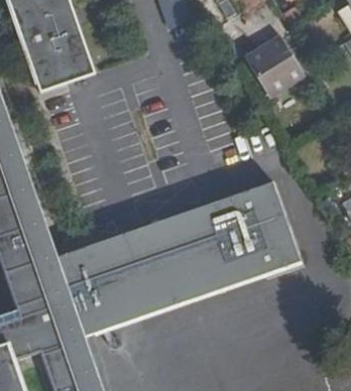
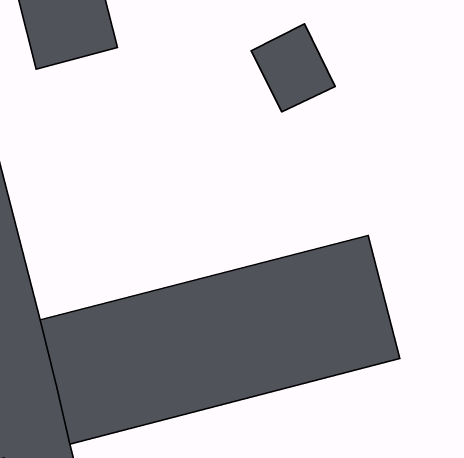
building: [245,34,304,95] -> [251,24,335,112]

